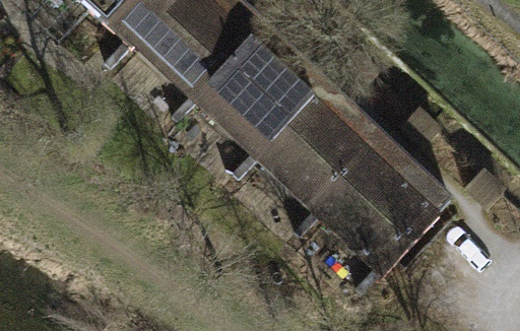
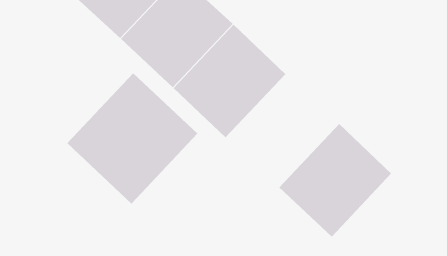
building: none -> [66,72,198,204]
building: [261,90,392,221] -> none

